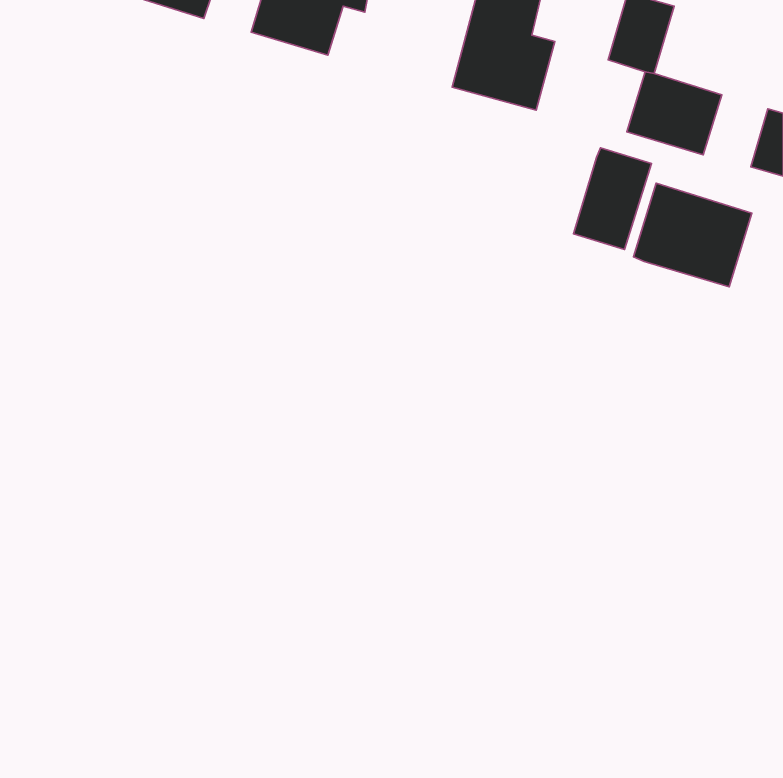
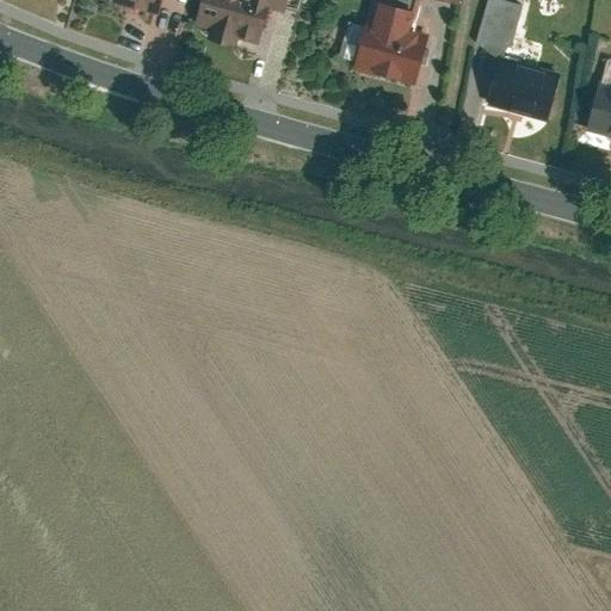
building: [574,148,651,250] -> none
building: [634,183,752,287] -> none

